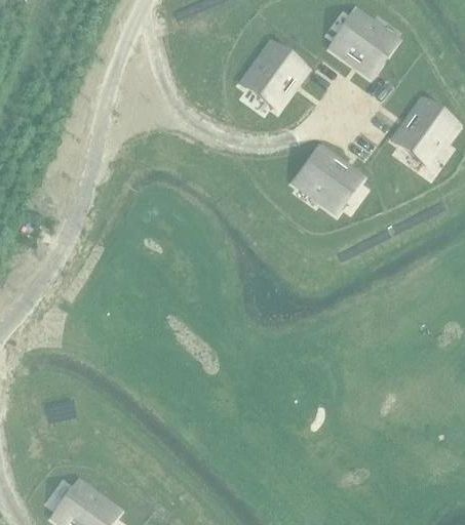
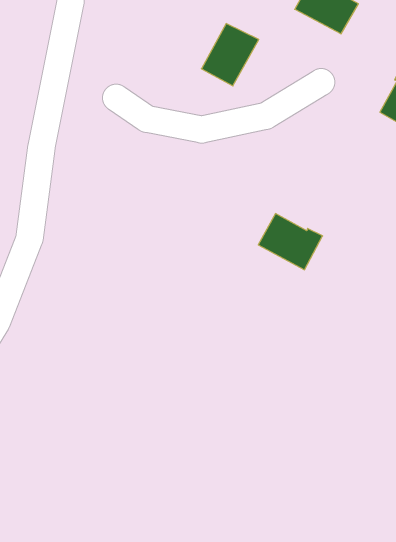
building: [298,151,355,203] -> [258,214,323,270]

